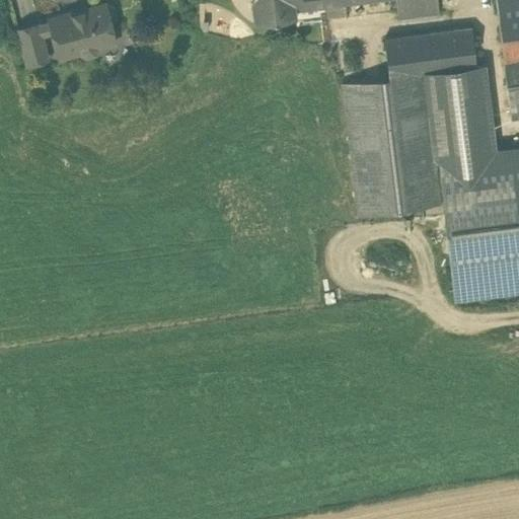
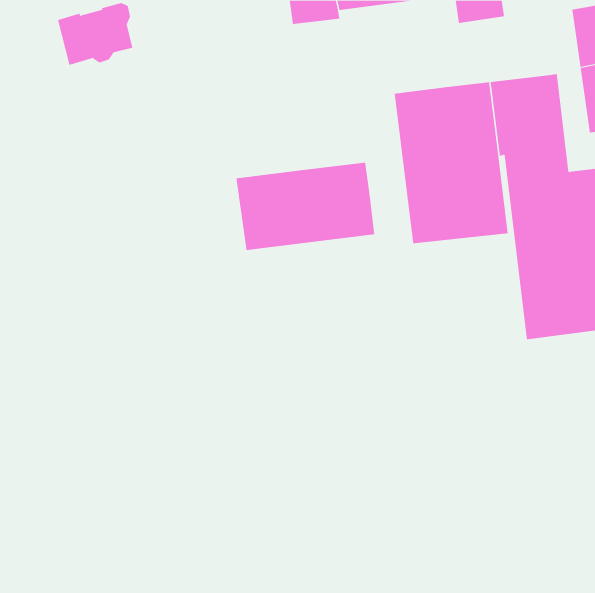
building: [20,25,50,65] -> none
building: [387,29,478,78] -> none
building: none -> [236,162,375,251]

